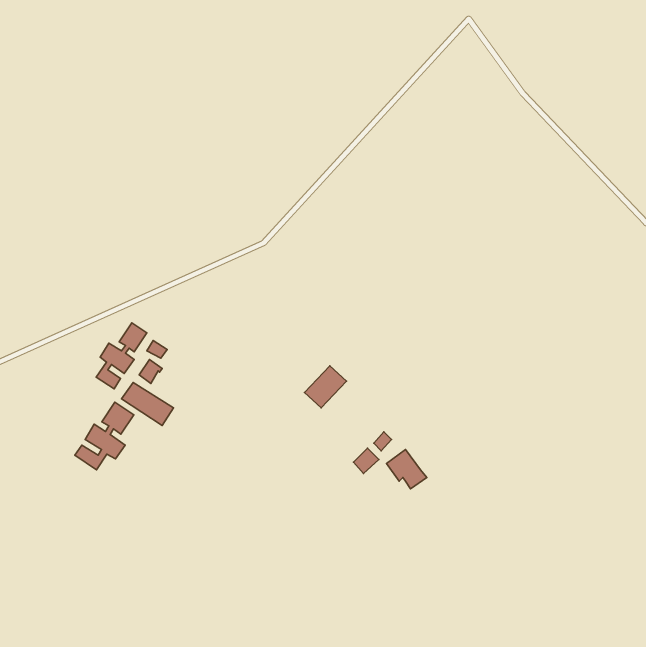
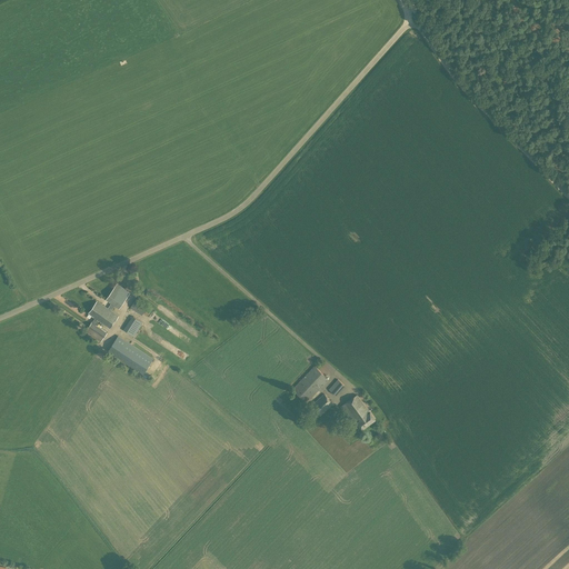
building: [305,366,346,408] -> [291,366,328,402]
building: [75,402,134,470] -> none

